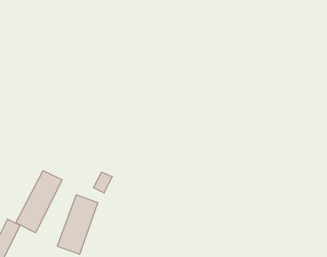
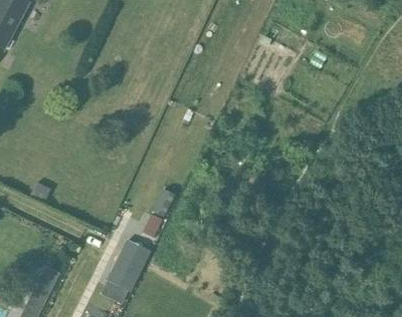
building: [16,171,62,233] -> none

